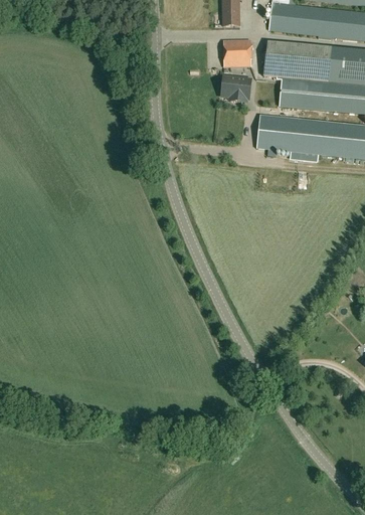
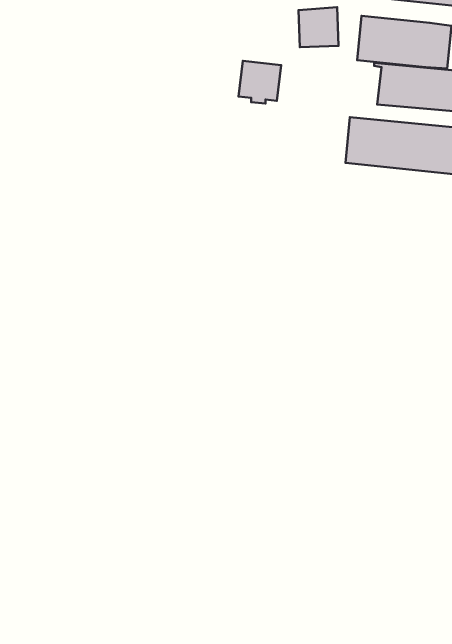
building: [221,70,251,101] -> [238,61,281,104]

